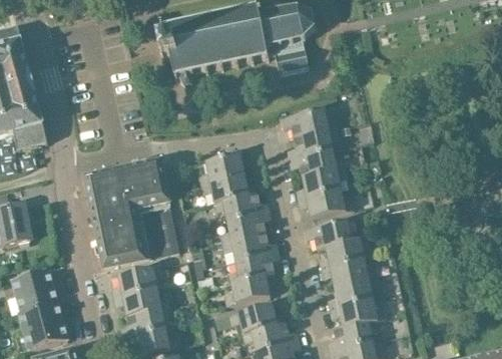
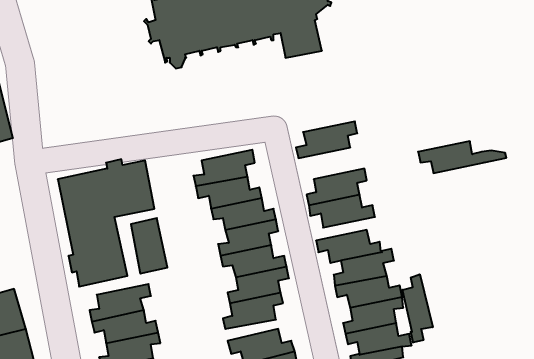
building: [282,110,338,137] -> none
building: [290,150,365,177] -> [418,141,506,173]
building: none -> [402,274,433,343]

